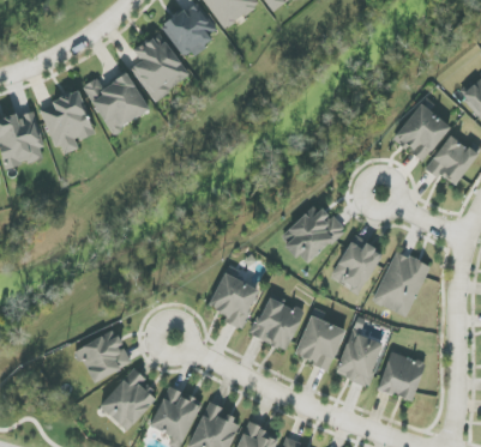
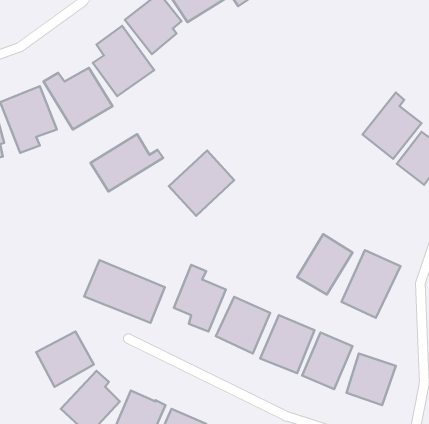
building: none -> [91,134,163,191]
building: [279,201,343,265] -> [169,151,234,216]
building: none -> [84,260,165,323]

